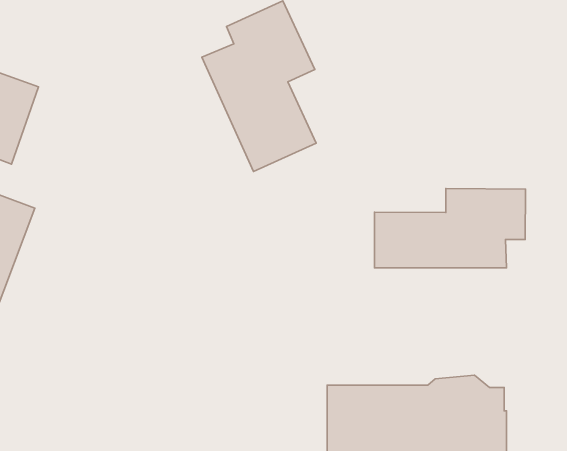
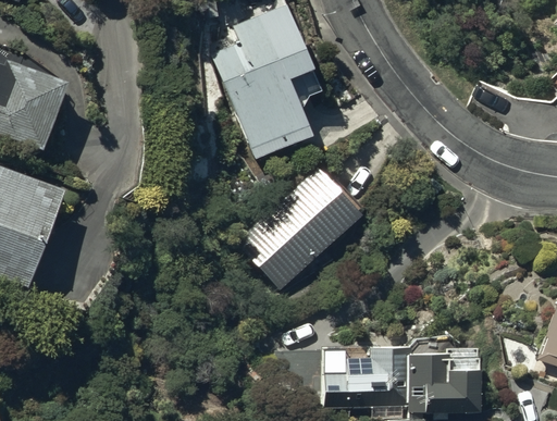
building: none -> [237,168,360,289]
building: [375,188,526,268] -> none

